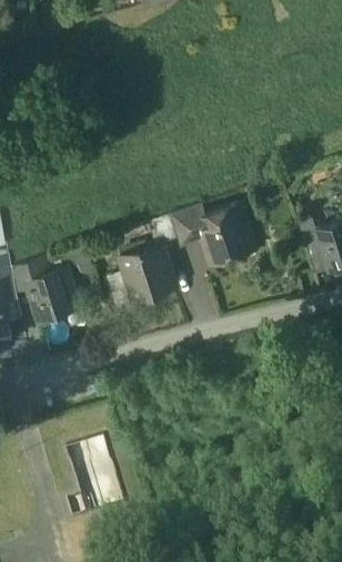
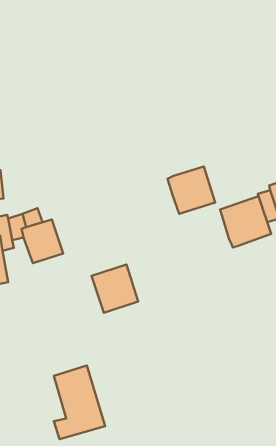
building: [168,205,203,248] -> none
building: none -> [220,196,271,247]
building: [119,244,173,300] -> [92,265,138,313]

